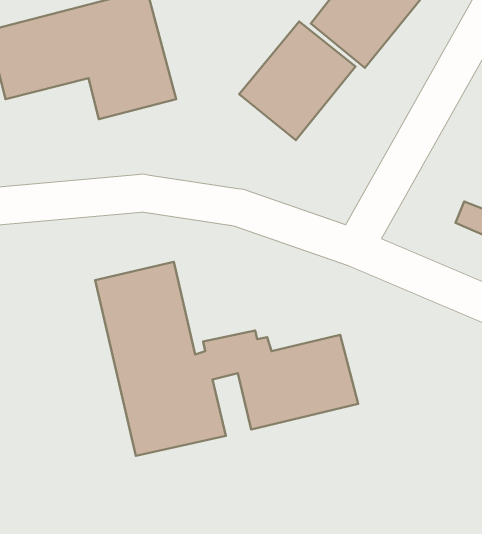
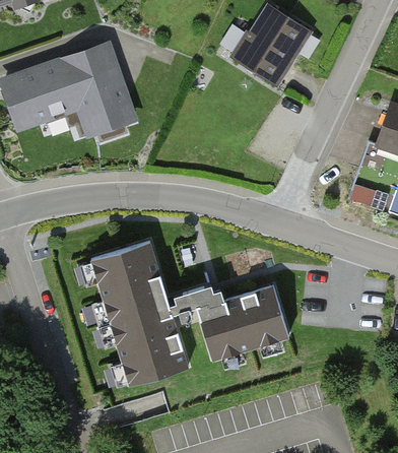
building: [239,22,355,140] -> none

